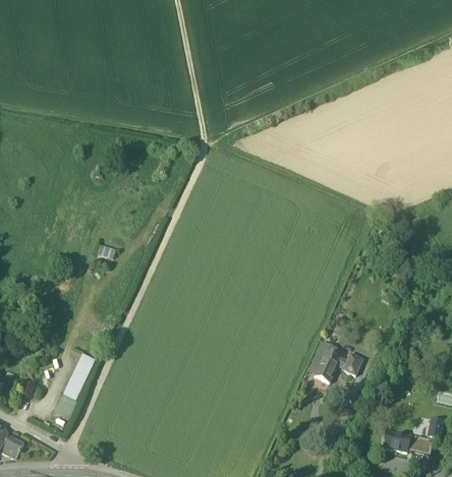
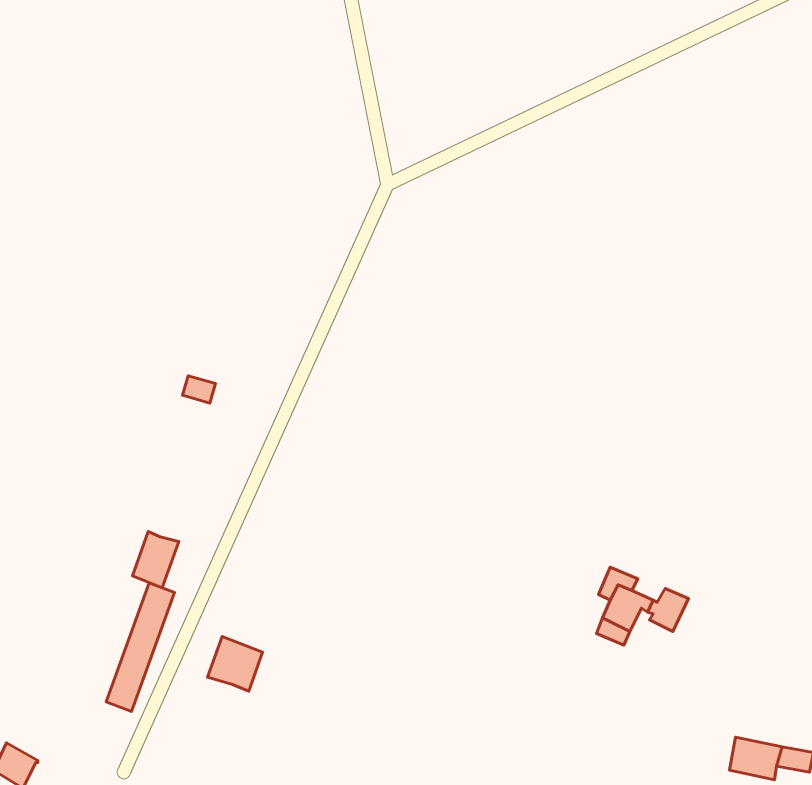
building: none -> [133,531,179,588]
building: none -> [207,637,262,691]

